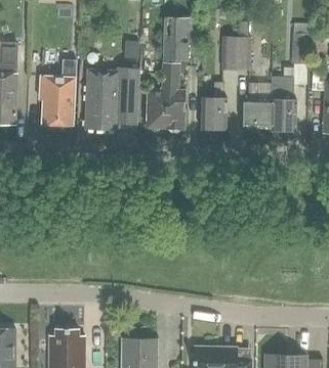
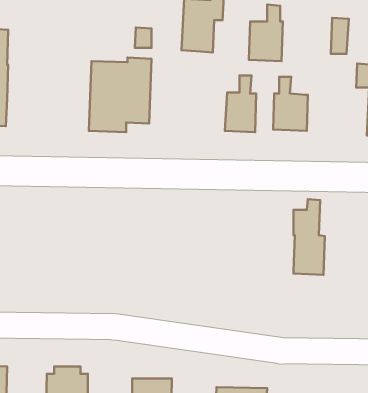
building: [39,60,75,128] -> none
building: [147,61,186,132] -> none
building: [271,67,297,132] -> [294,199,325,275]

